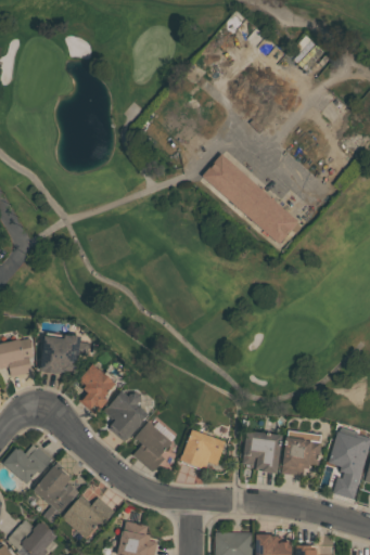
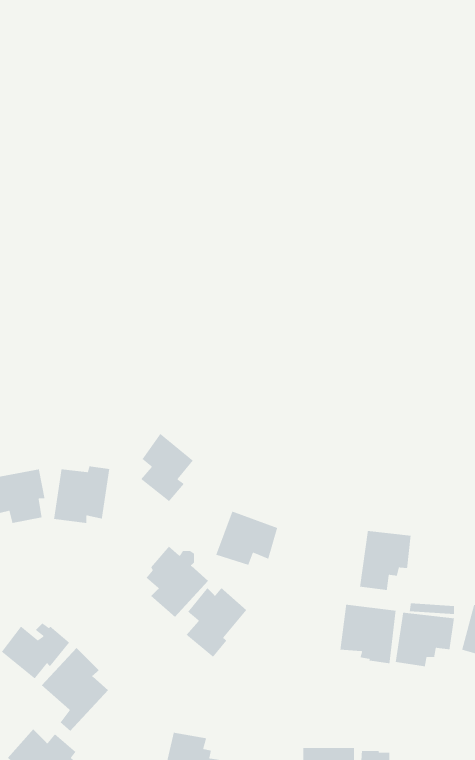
building: [203,153,301,243] -> none
building: [77,363,115,412] -> [140,433,194,502]
building: none -> [359,530,412,591]
building: [179,430,224,469] -> [215,510,278,566]
building: [62,496,115,537] -> none

